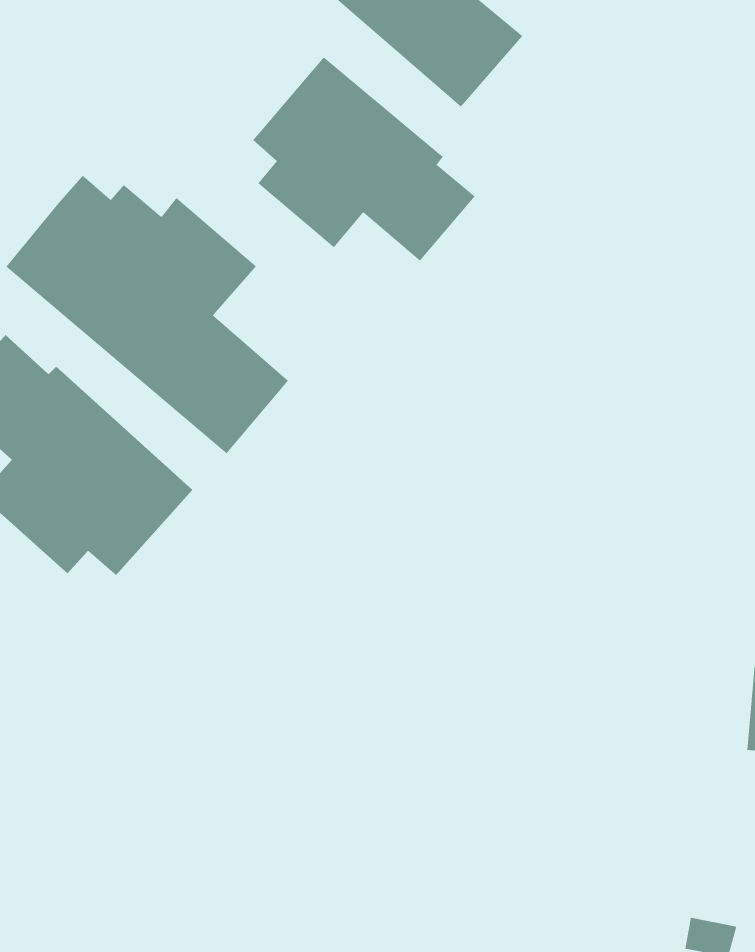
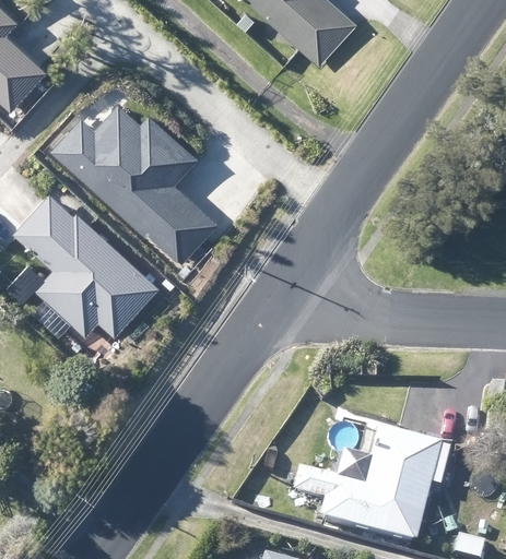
building: [252,56,475,262] -> none
building: none -> [295,428,454,543]

